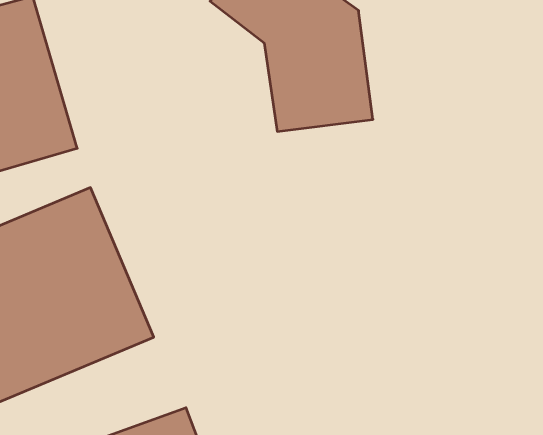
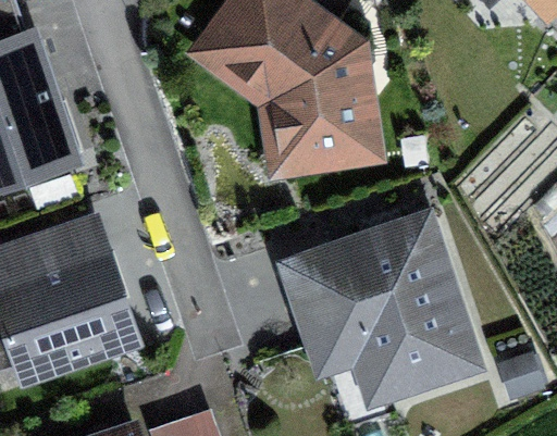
building: none -> [283,229,449,385]

